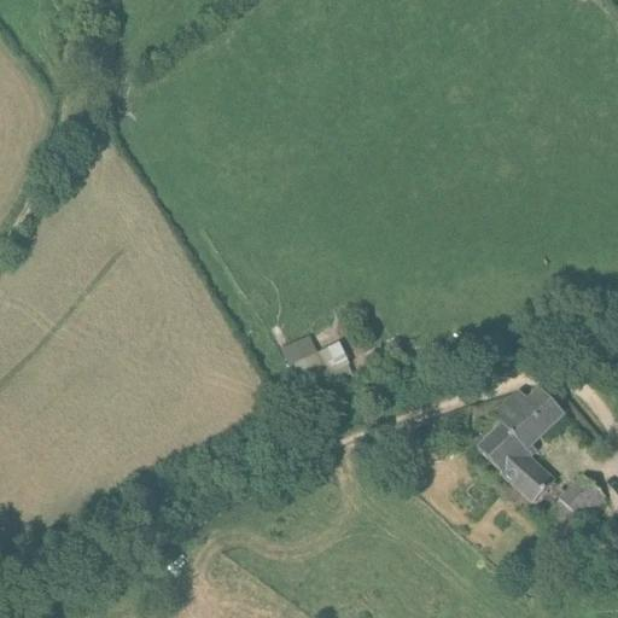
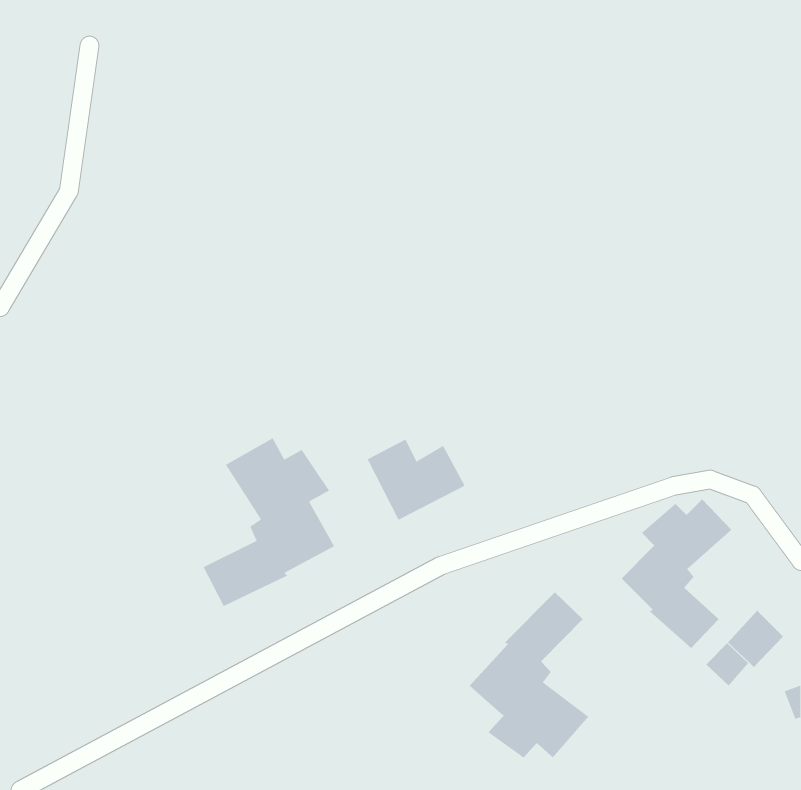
building: none -> [203,437,335,607]
building: none -> [469,592,589,759]

